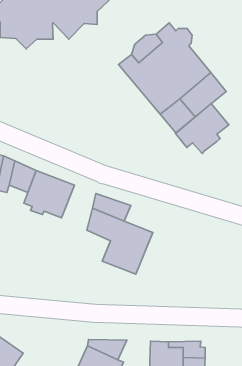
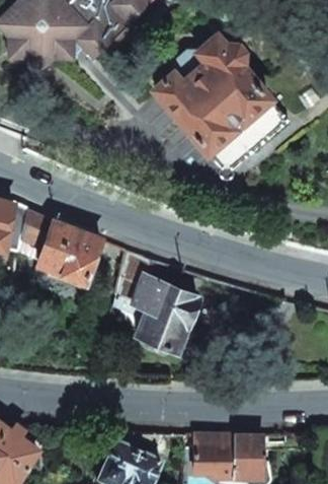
building: [176,104,229,153] -> none

